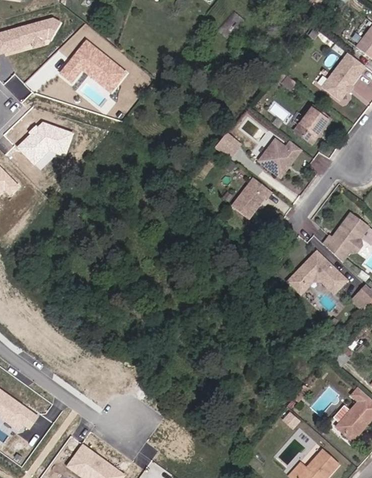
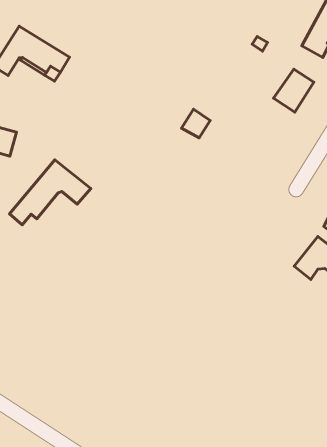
building: [259,139,301,176] -> none
building: none -> [10,160,91,225]
building: [233,177,273,218] -> none

